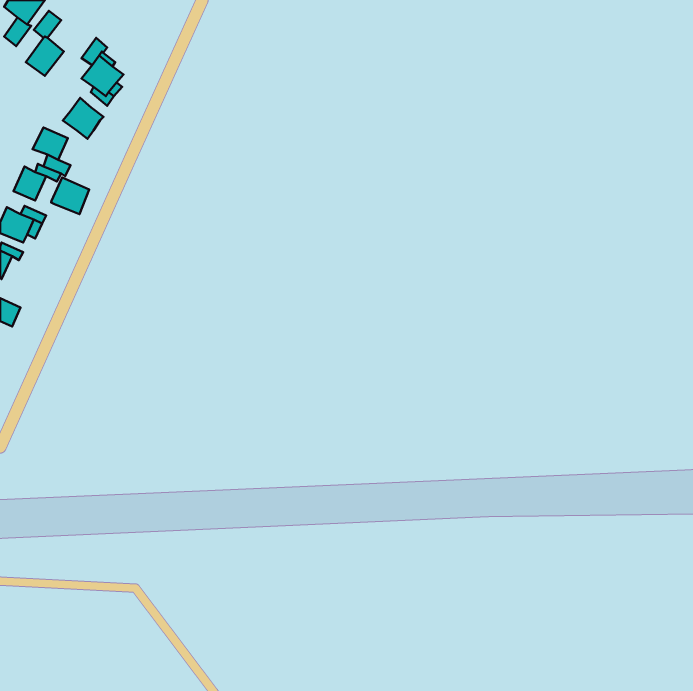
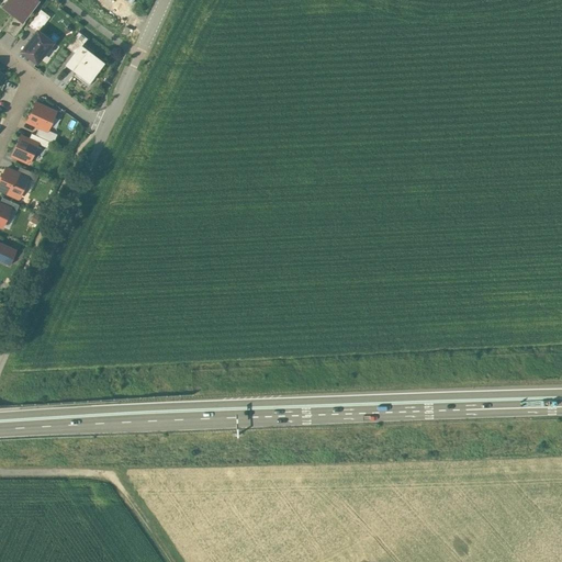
building: [63,98,103,139] -> none
building: [51,177,89,214] -> none

